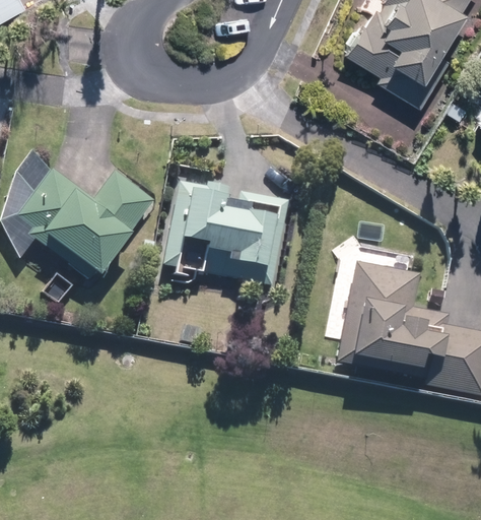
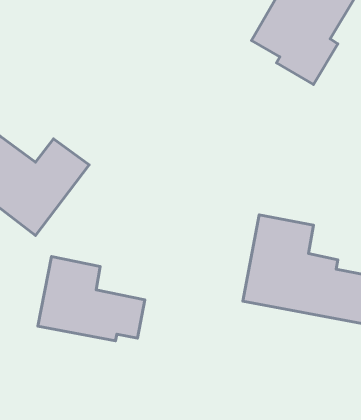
building: [162,181,286,284] -> none
building: none -> [38,257,145,341]

